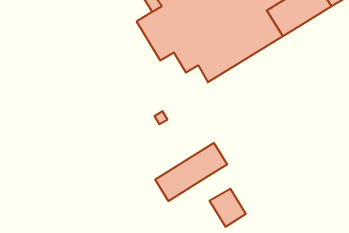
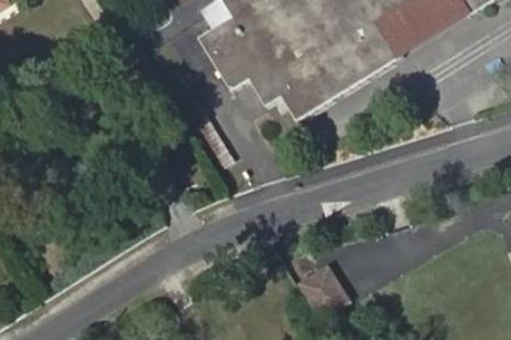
building: [155,143,227,201] -> none

